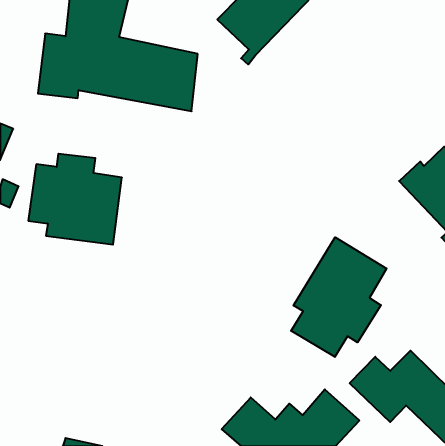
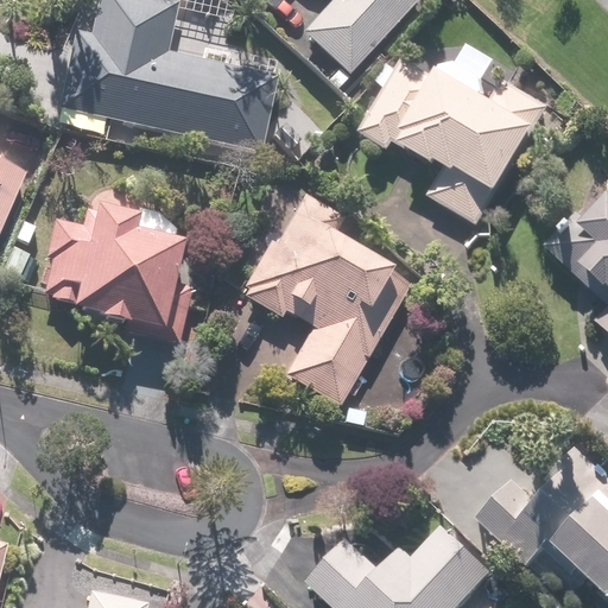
building: none -> [362,61,549,224]
building: none -> [246,191,412,401]
building: [291,237,387,357] -> none

